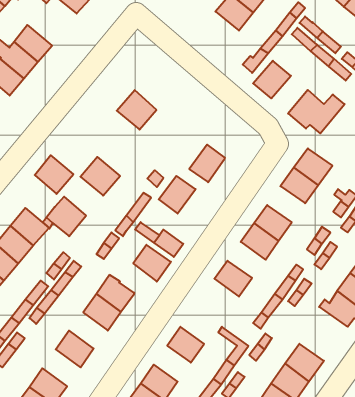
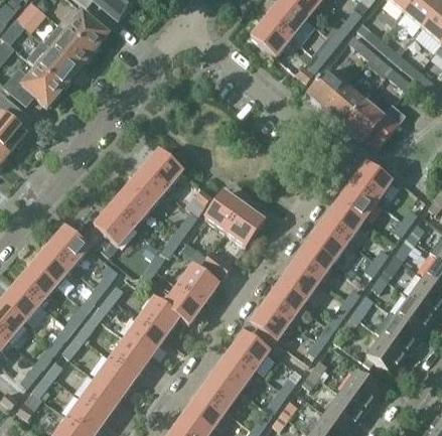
building: none -> [65,12,107,52]
building: none -> [251,16,291,55]
building: none -> [325,85,364,125]
building: [117,90,156,130] -> [140,149,182,191]
building: [189,145,225,182] -> [226,205,264,246]
building: [35,155,73,194] -> [105,192,146,234]
building: none -> [321,202,361,241]
building: none -> [279,262,319,300]
building: none -> [163,285,203,324]
building: none -> [250,301,291,340]
building: none -> [367,329,407,373]
building: none -> [229,332,269,371]
building: none -> [110,337,151,376]
building: none -> [200,373,240,411]
building: none -> [82,377,122,416]

